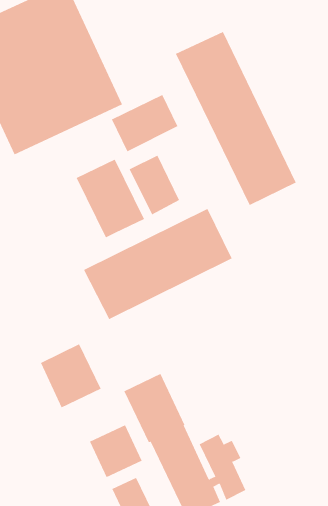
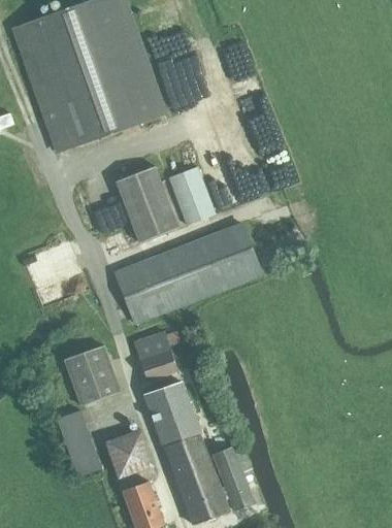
building: [175,31,296,206] -> none
building: [111,94,178,152] -> none
building: none -> [133,330,181,383]
building: none -> [56,409,101,477]

